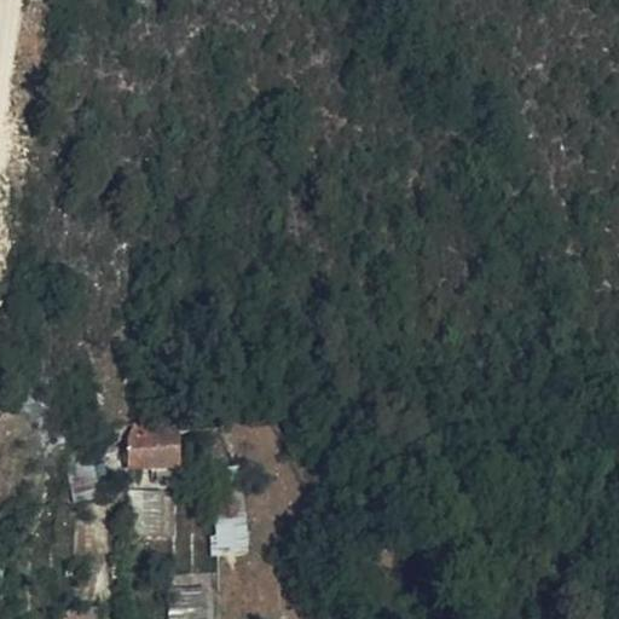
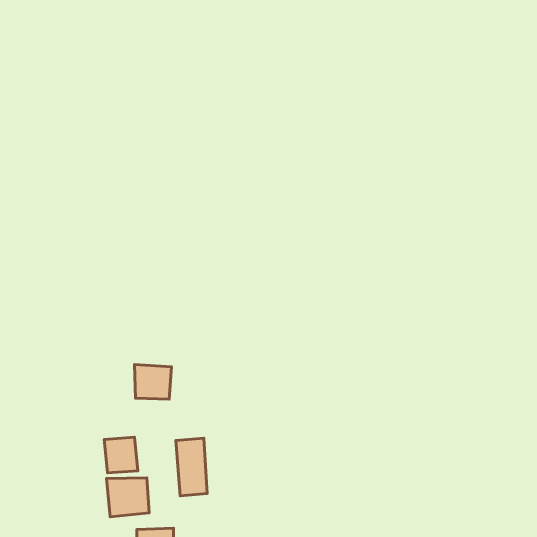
building: none -> [107,478,149,517]

